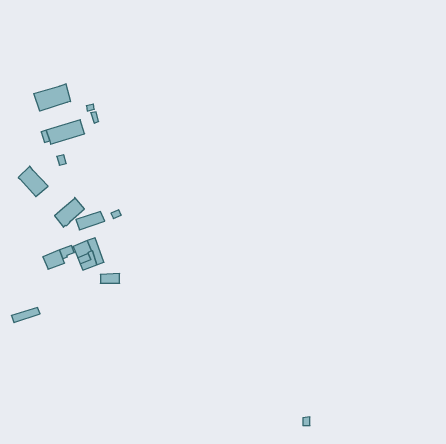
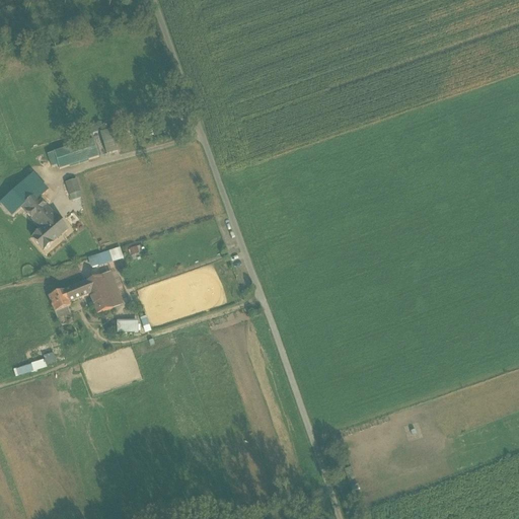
building: [34,84,70,111] -> none
building: none -> [9,173,48,210]
building: [55,197,84,227] -> [32,215,67,249]

